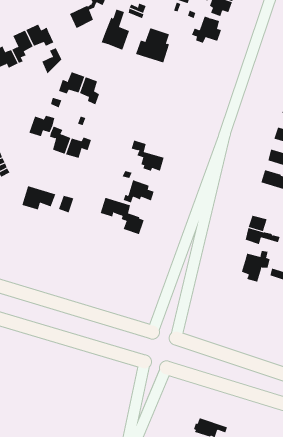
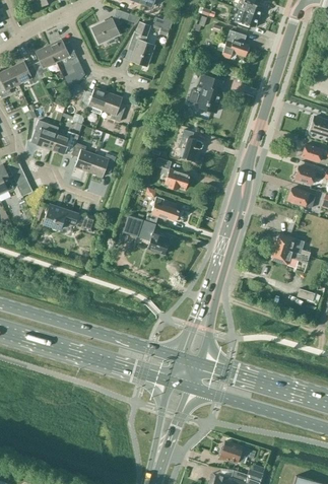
building: [135,27,170,63] -> [186,75,221,112]
building: none -> [34,121,56,150]
building: none -> [178,130,202,161]
building: [241,250,270,283] -> none

